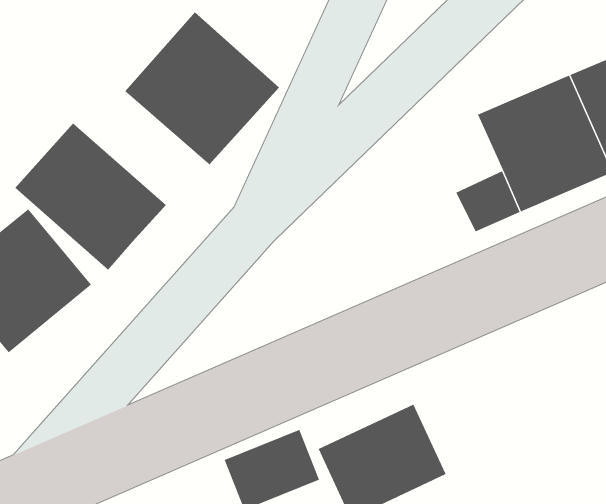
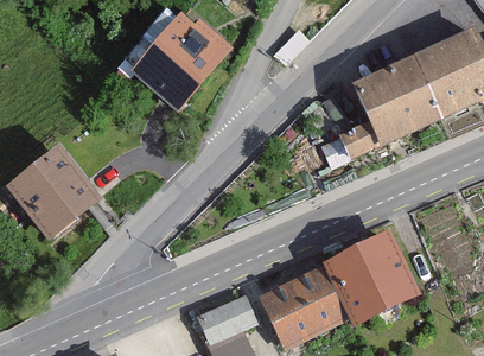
building: [14,122,167,270] -> none
building: none -> [324,230,425,326]

